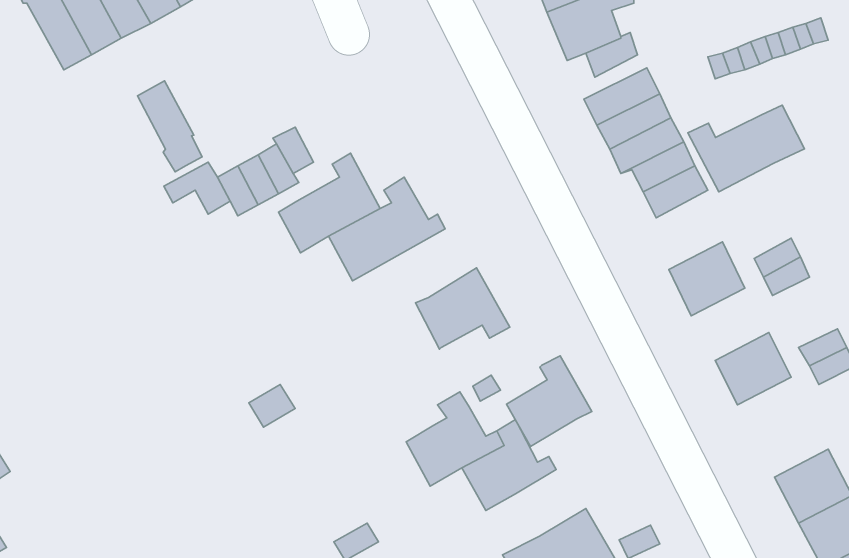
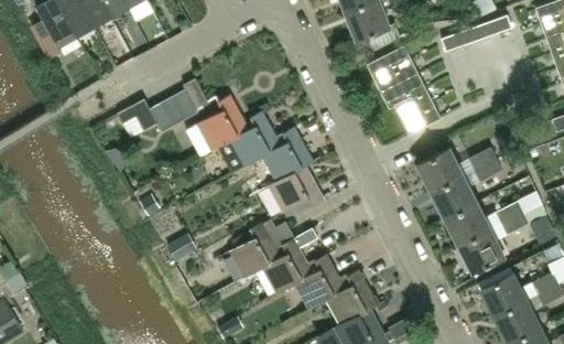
building: [137,81,202,172] -> none
building: [688,105,805,192] -> none
building: none -> [259,126,311,182]
building: none -> [431,176,477,219]
building: [507,356,592,447] -> [326,270,377,324]
building: none -> [229,225,278,277]
building: none -> [458,229,505,273]

